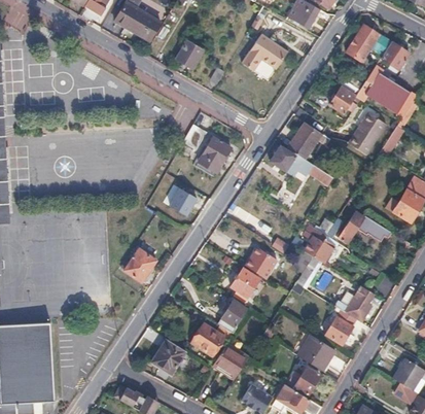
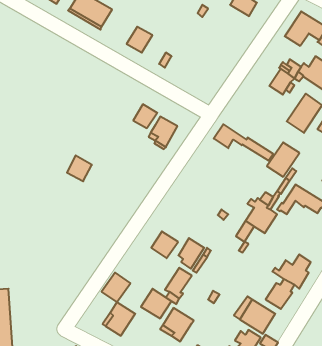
building: [243,34,286,69] -> none
building: [286,122,321,159] -> [267,142,299,177]
building: [170,187,197,215] -> [67,155,92,181]
building: [125,248,155,280] -> [102,273,130,302]
building: [248,248,277,277] -> [151,231,178,258]

